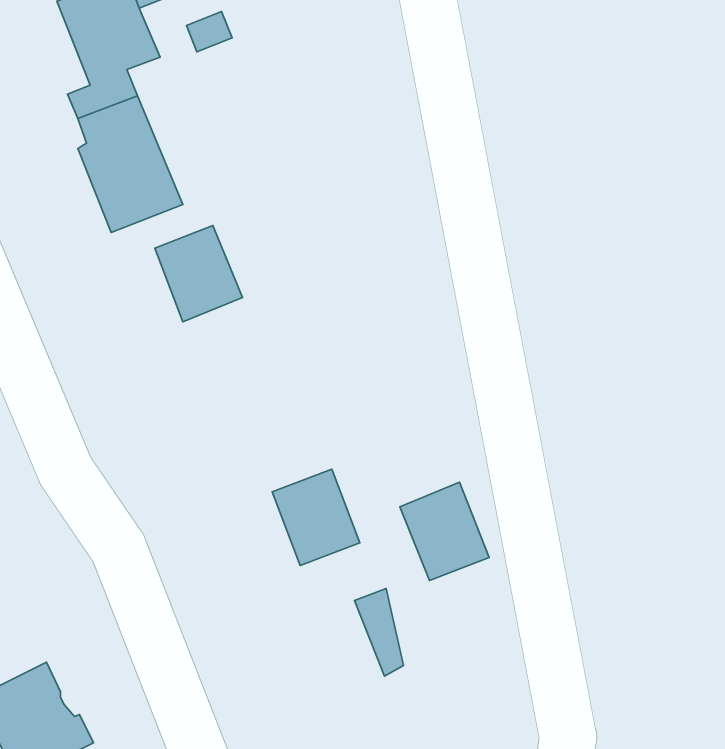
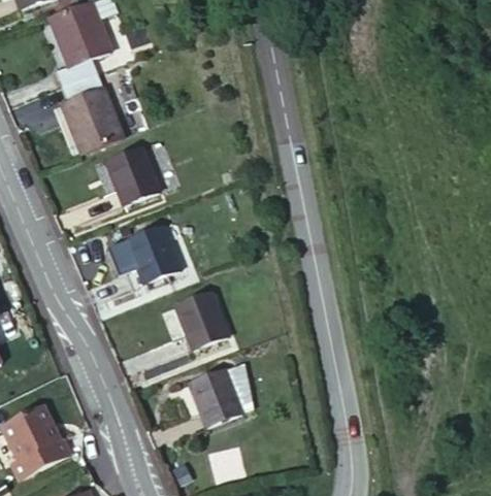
building: none -> [126,225,178,283]
building: [400,482,489,580] -> [189,368,241,426]

